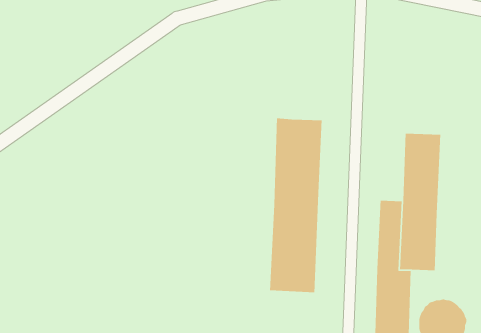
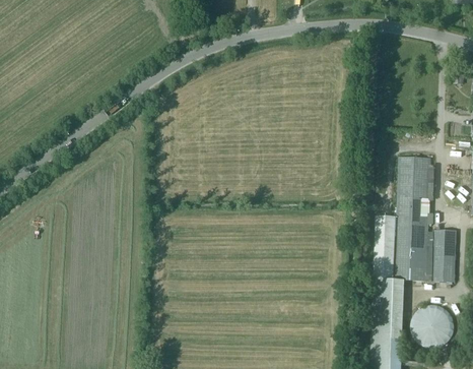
building: [269,117,322,293] -> none
building: none -> [431,229,456,281]

